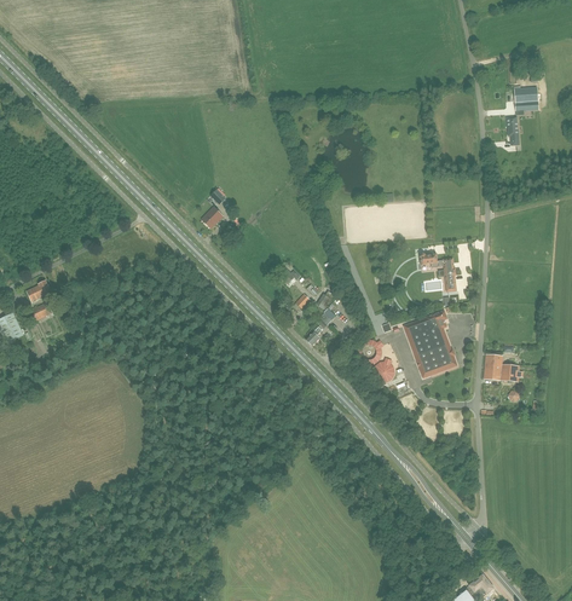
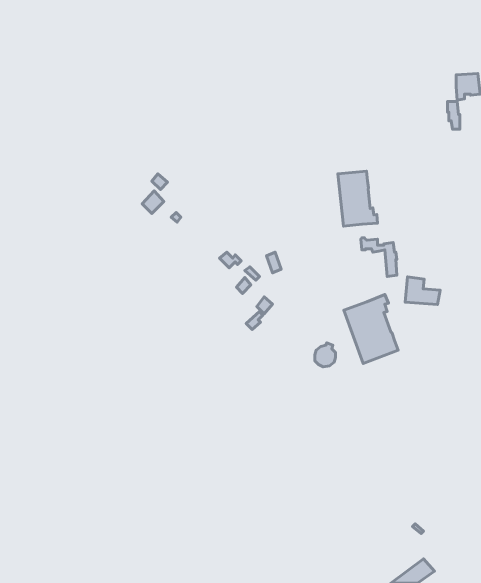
building: none -> [338,171,377,226]
building: [484,353,519,381] -> [405,277,440,305]

